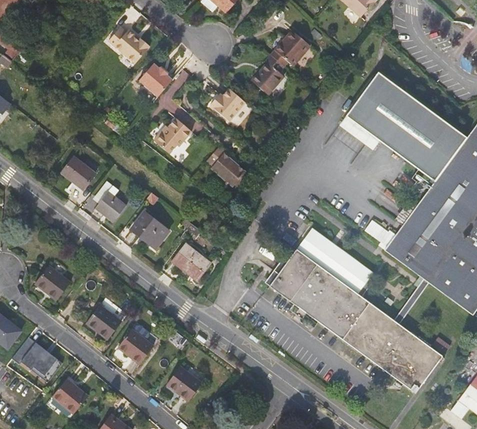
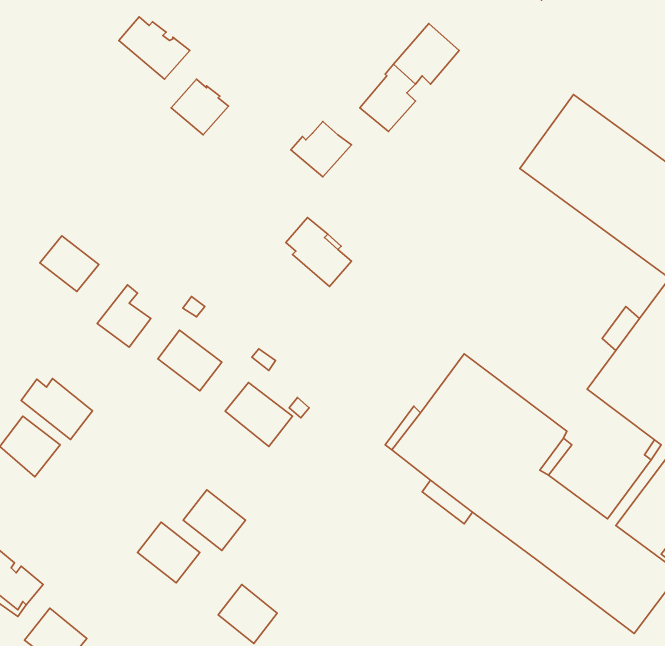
building: [154,118,192,153] -> none
building: none -> [21,378,93,440]
building: [87,301,124,337] -> [183,490,245,550]

